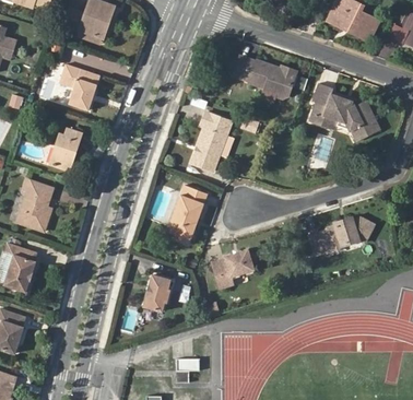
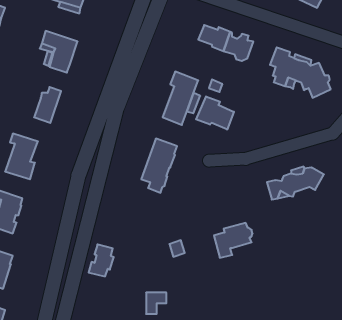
building: none -> [196,96,234,130]
building: [216,246,260,285] -> [214,223,253,258]
building: [145,273,174,309] -> [89,244,114,276]

